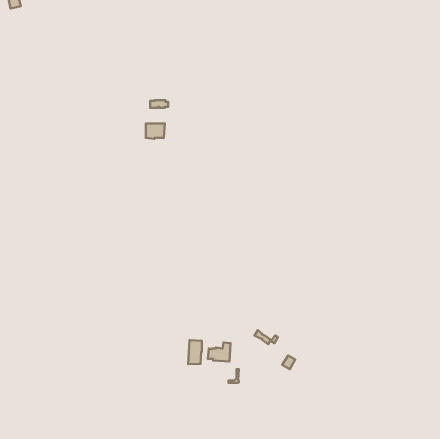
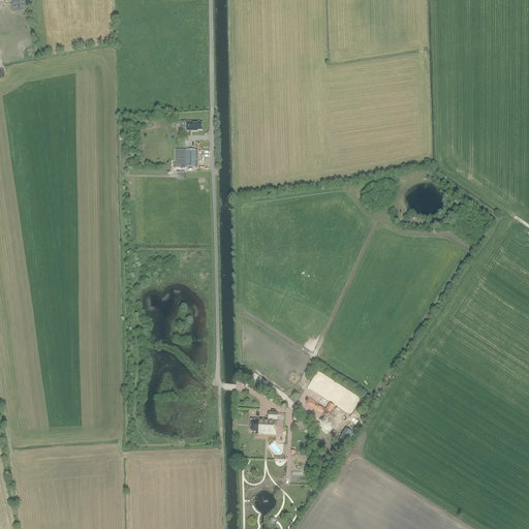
building: [188,340,202,364] -> none

